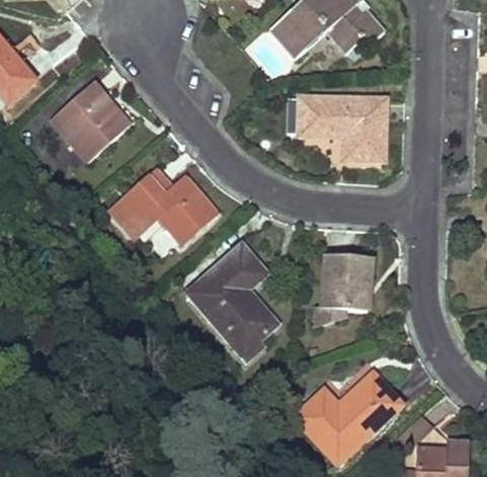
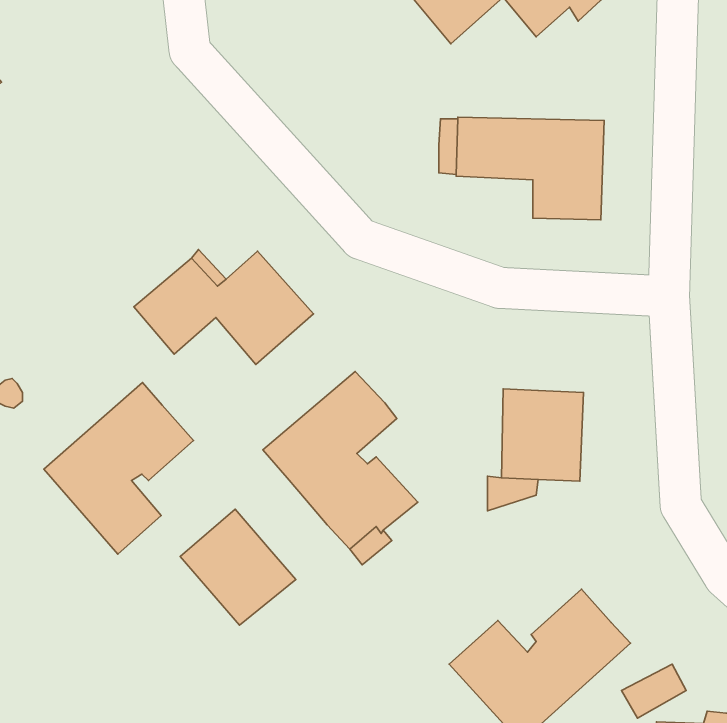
building: [52,85,130,160] -> none
building: none -> [44,382,194,554]
building: none -> [180,509,296,625]

